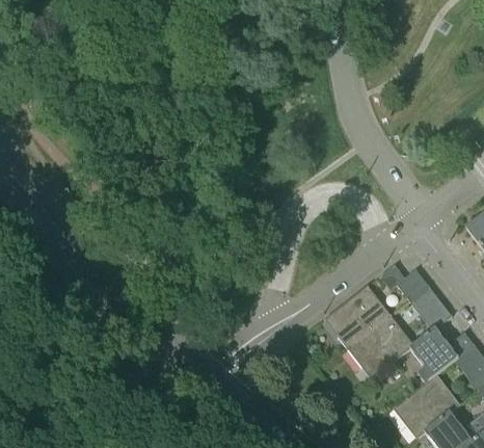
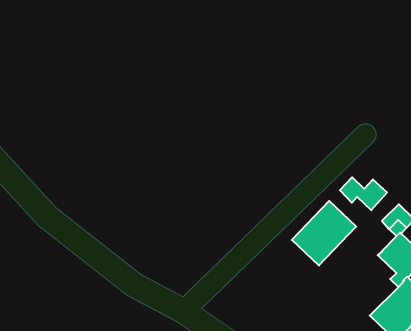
building: [348,316,414,379] -> none

